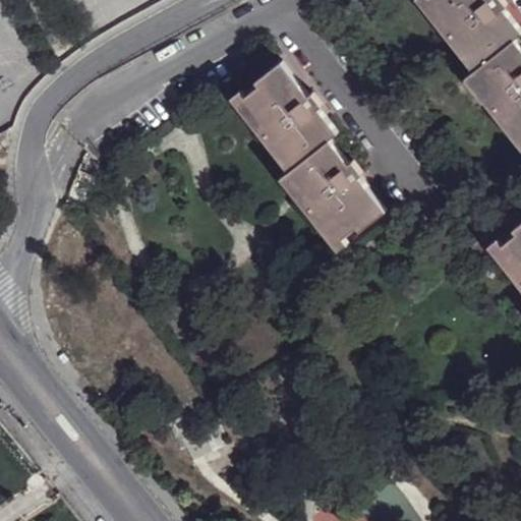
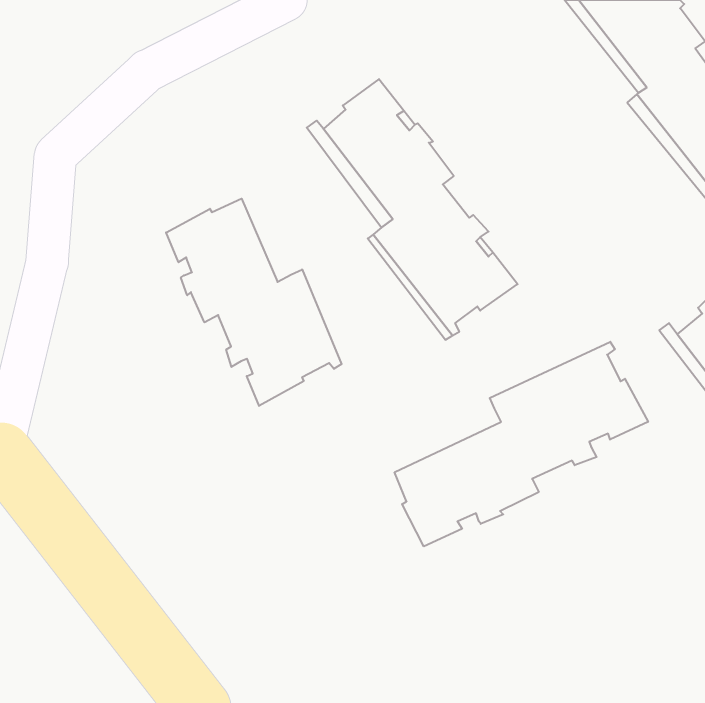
building: none -> [166,199,342,406]
building: none -> [395,342,648,546]

